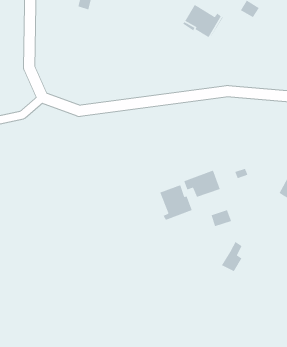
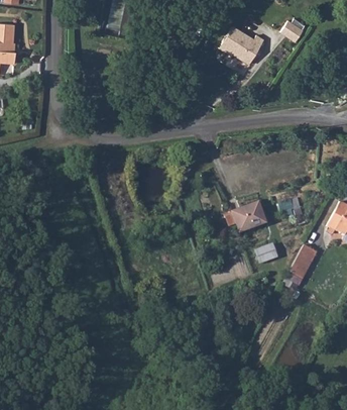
building: [159,184,193,221] -> none
building: [221,241,243,272] -> [286,246,310,280]

